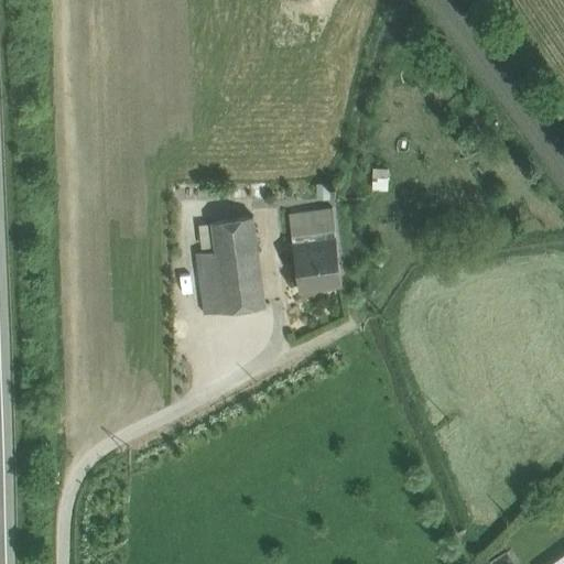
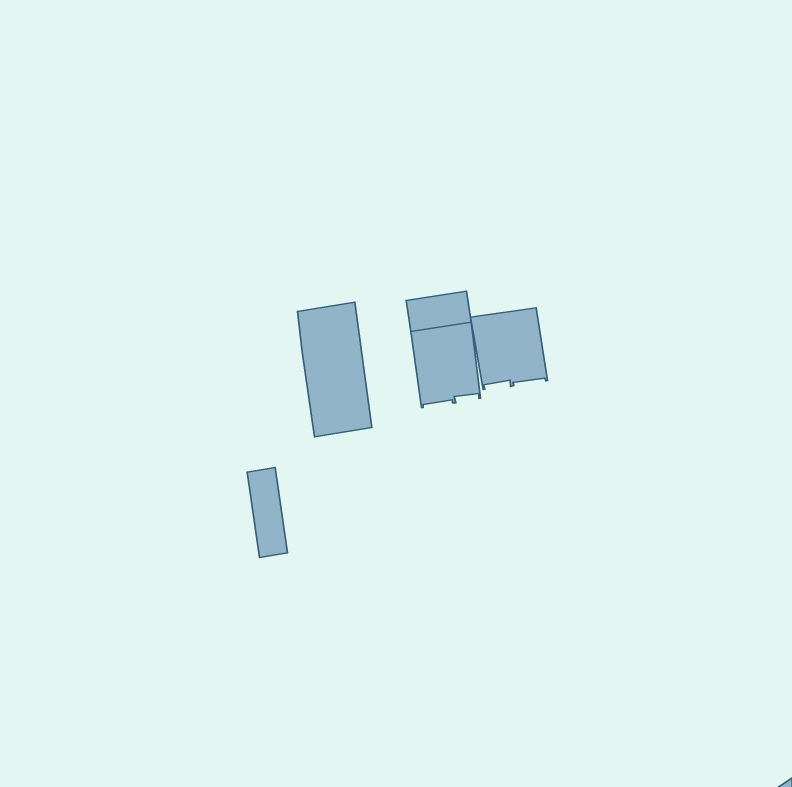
building: none -> [470,308,547,390]
building: [195,253,224,317] -> [247,468,287,558]

